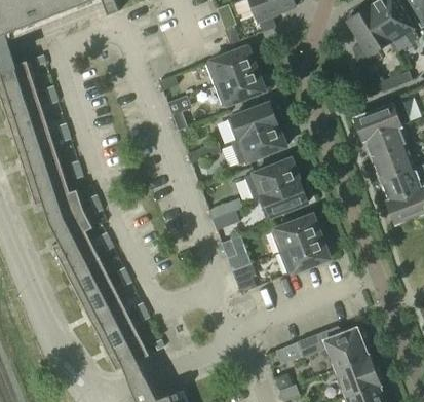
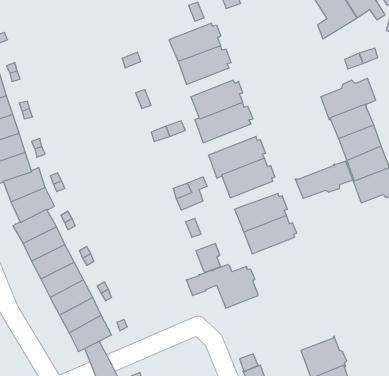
building: none -> [295,161,353,199]
building: [297,327,368,370] -> [186,264,258,308]

